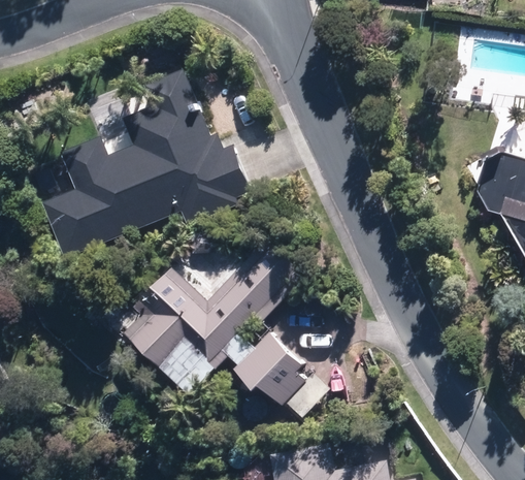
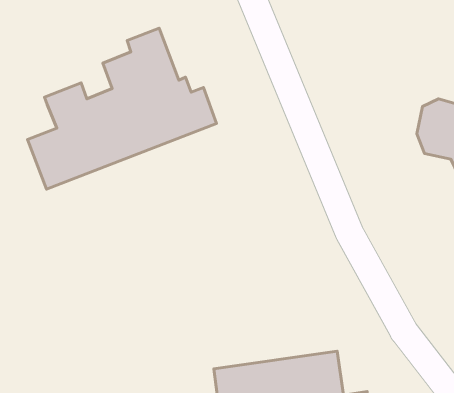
building: [128,236,328,416] -> none

